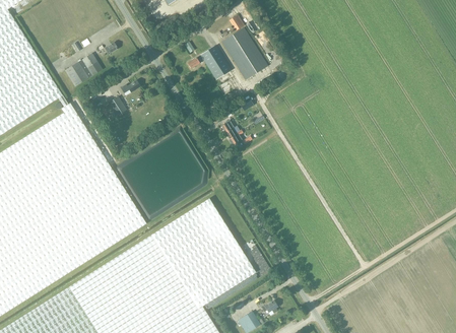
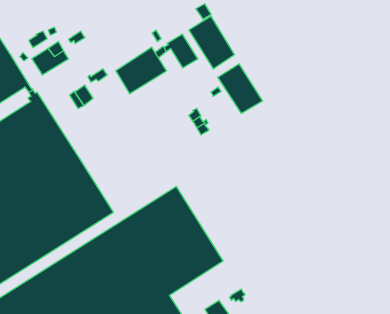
building: none -> [116,47,166,94]
building: none -> [218,64,263,113]

